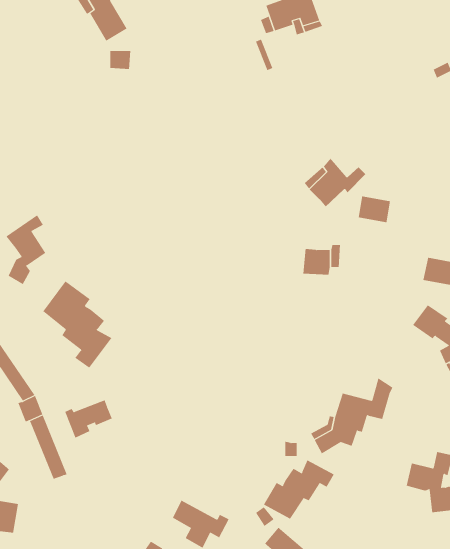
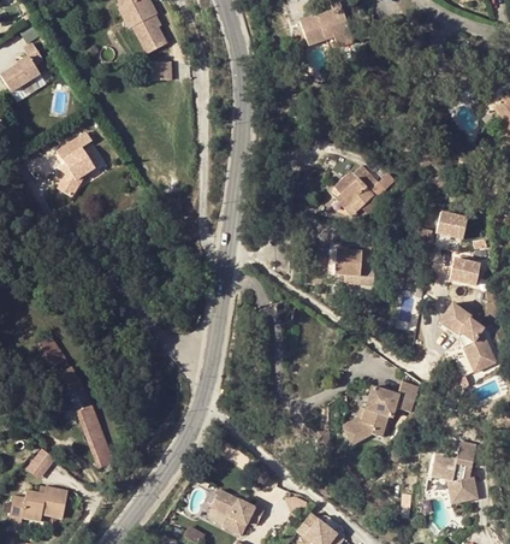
building: [358,196,391,223] -> [433,214,464,240]
building: [5,215,46,285] -> [57,130,95,196]
building: [43,281,112,369] -> none
building: [64,400,113,439] -> none
building: [263,460,334,520] -> none

